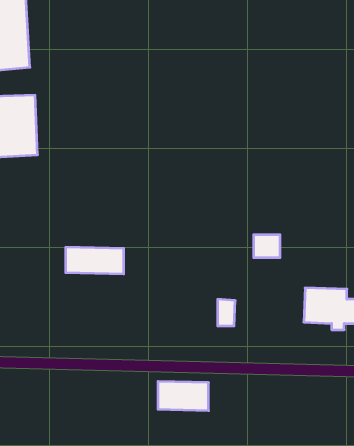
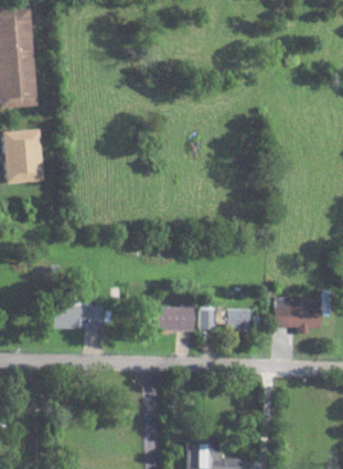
building: [254,235,280,258] -> [227,308,250,328]
building: [66,247,124,274] -> [54,305,105,328]
building: [158,381,209,411] -> [150,305,194,330]

